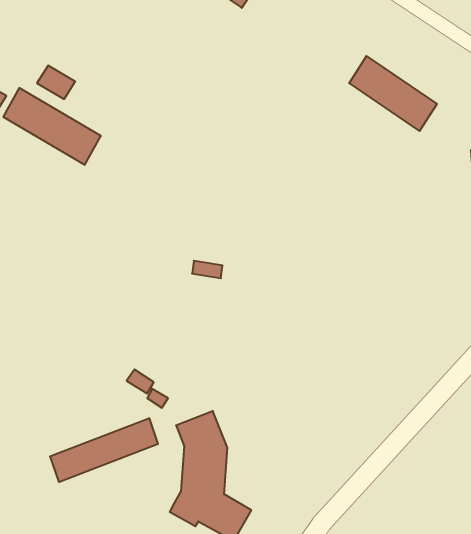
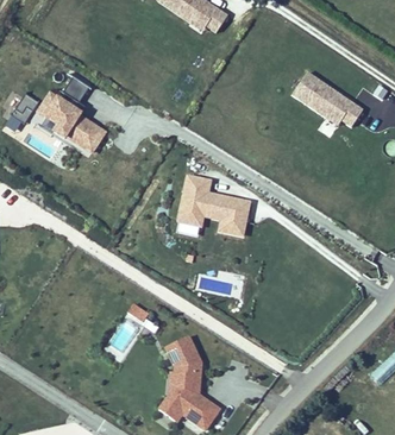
building: none -> [178,175,253,233]
building: [50,418,158,482] -> none

